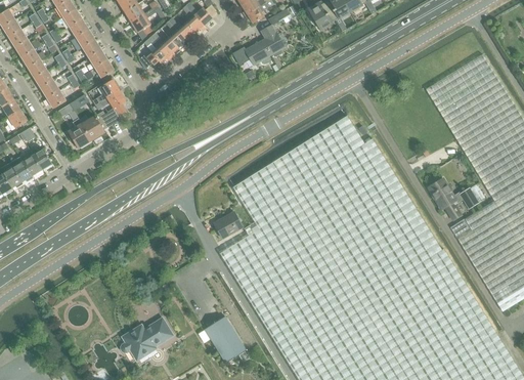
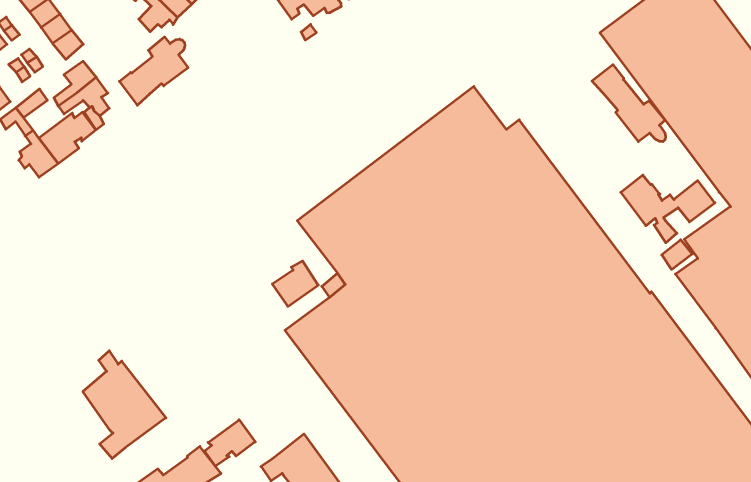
building: none -> [119,37,188,105]
building: none -> [592,65,666,142]
building: none -> [83,351,166,459]
building: none -> [204,420,255,466]

